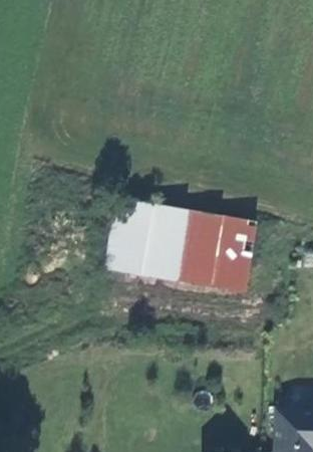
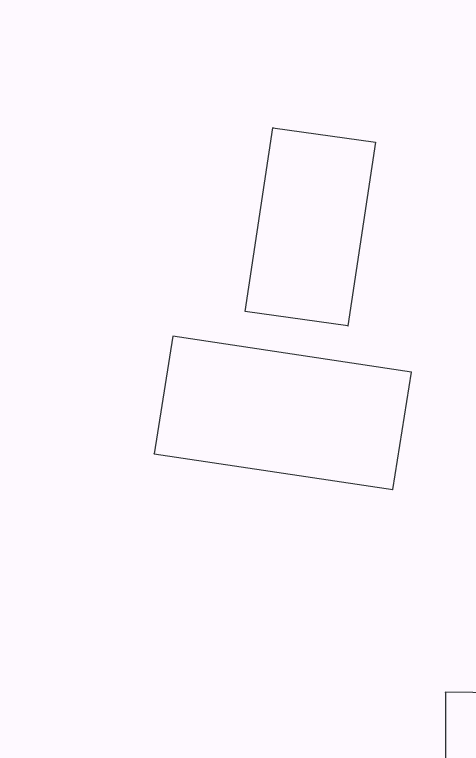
building: none -> [245,128,375,326]

